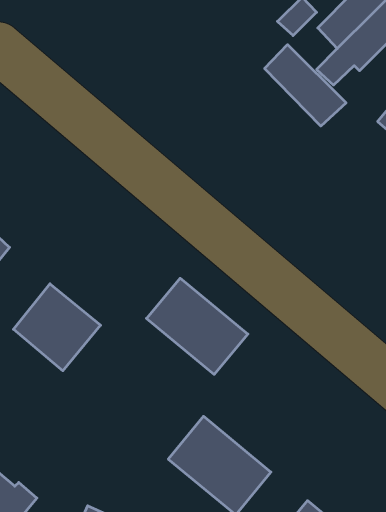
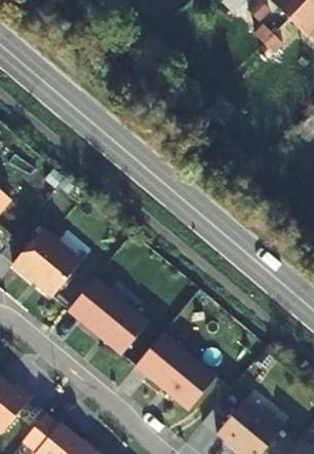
building: [265,45,346,126] -> none
building: [146,278,248,374] -> [68,277,148,353]

